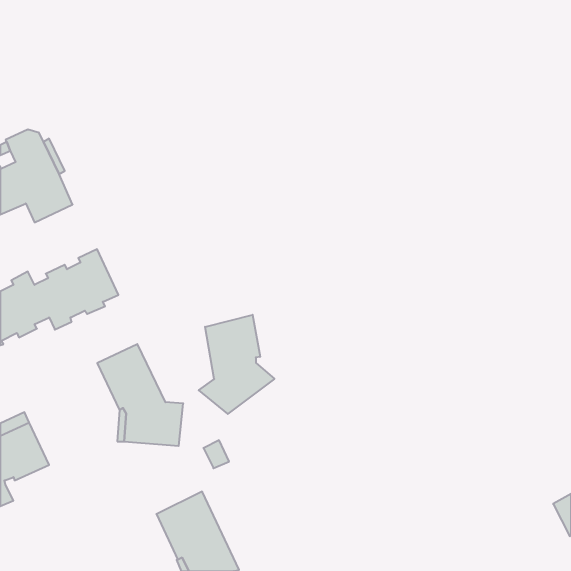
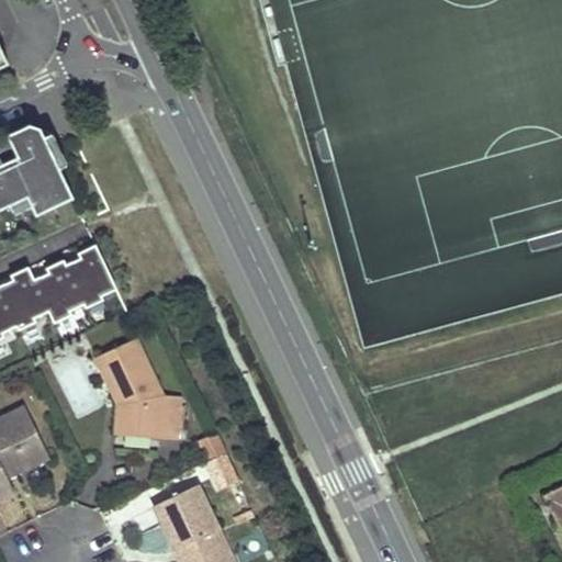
building: [199,315,274,414] -> none

